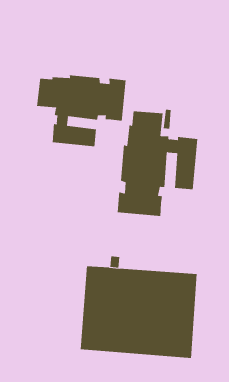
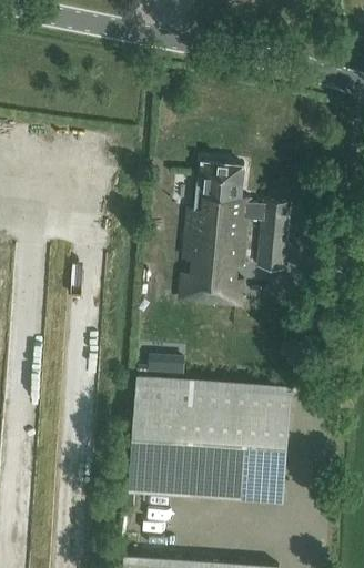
building: [37,75,126,147] -> none

